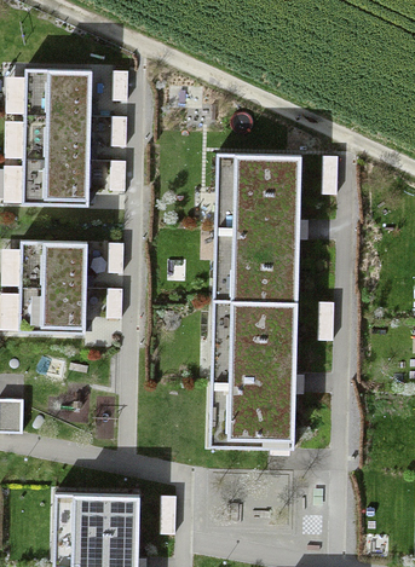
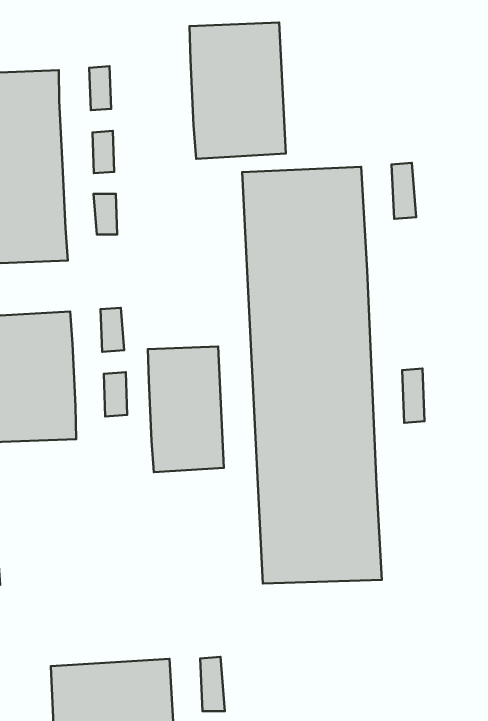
building: none -> [189,22,286,159]
building: none -> [148,347,224,472]

